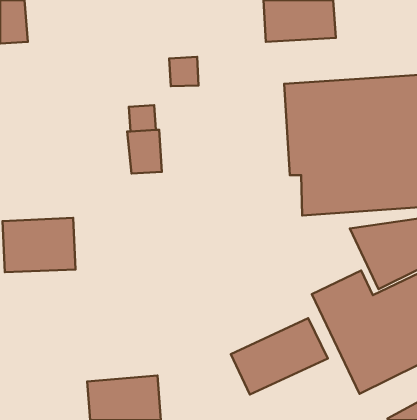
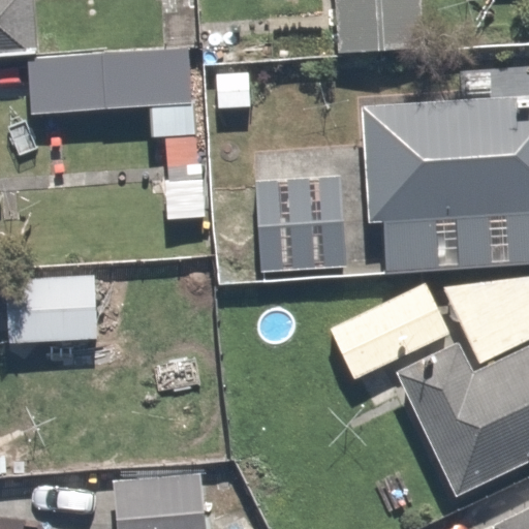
building: none -> [26,48,192,115]
building: none -> [254,175,347,272]
building: [231,318,328,395] -> [330,283,452,379]

